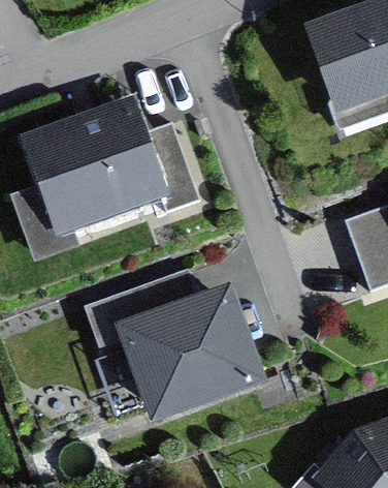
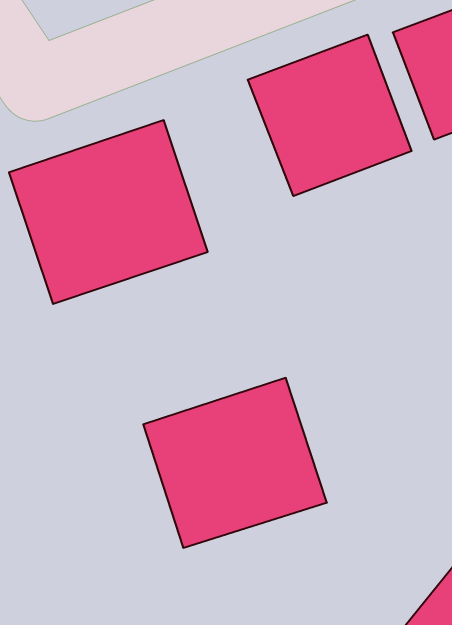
building: none -> [248,35,412,196]

